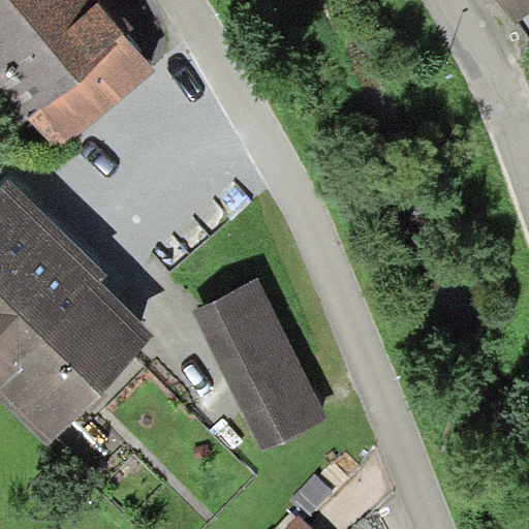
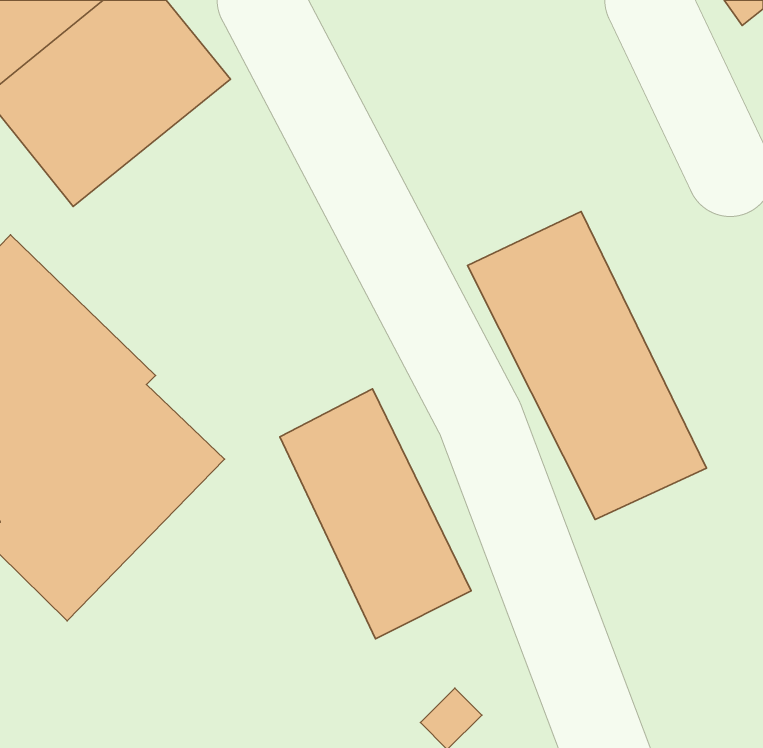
building: none -> [468,211,707,519]

